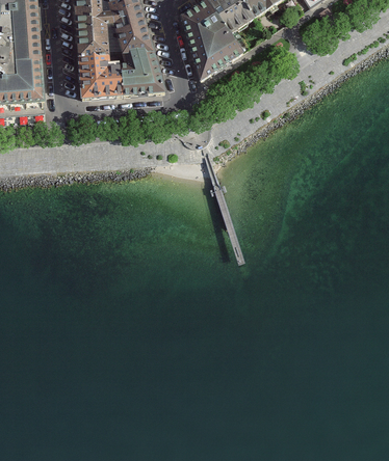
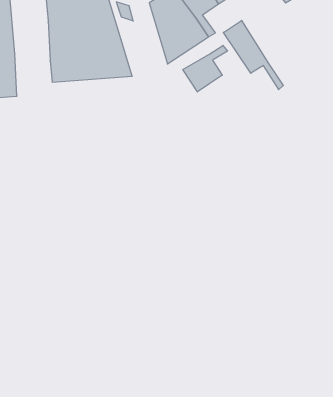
building: none -> [223,20,283,90]
building: none -> [183,45,227,92]

